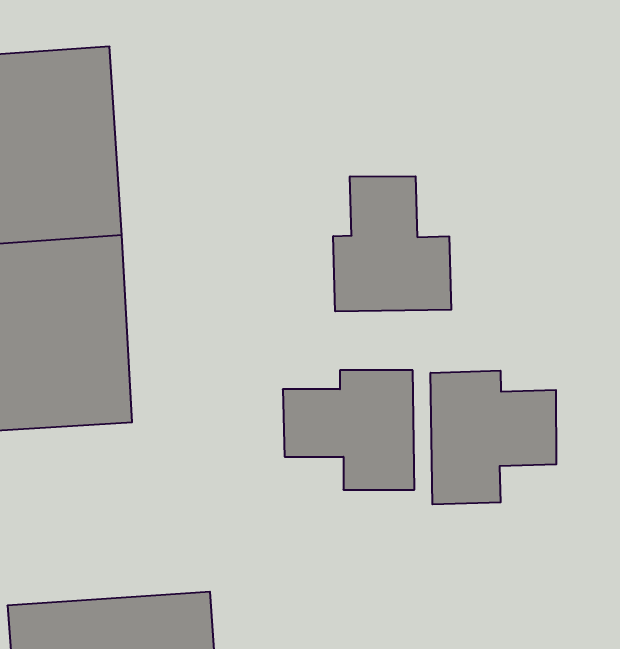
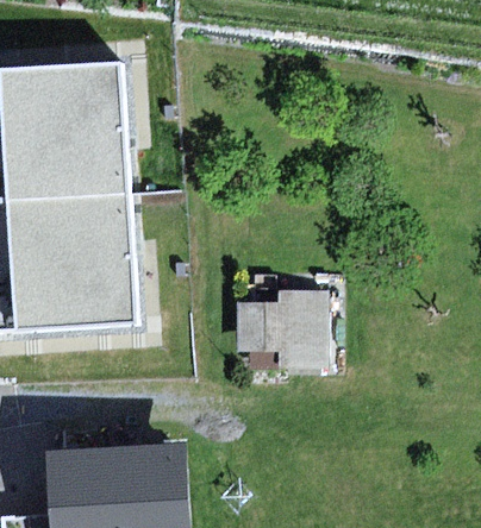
building: [333,176,451,311] -> none
building: [431,371,556,504] -> none

